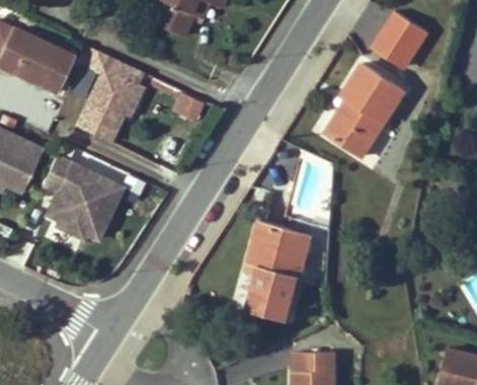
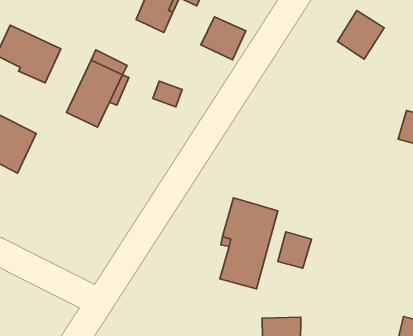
building: none -> [201,17,246,60]
building: [325,63,405,157] -> none
building: [42,154,122,238] -> none
building: none -> [278,232,311,268]

